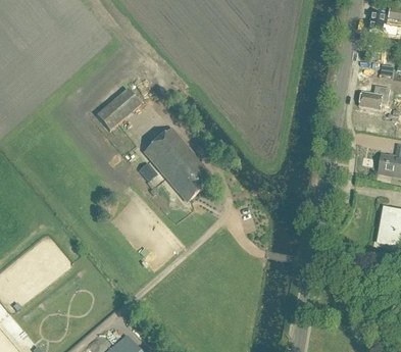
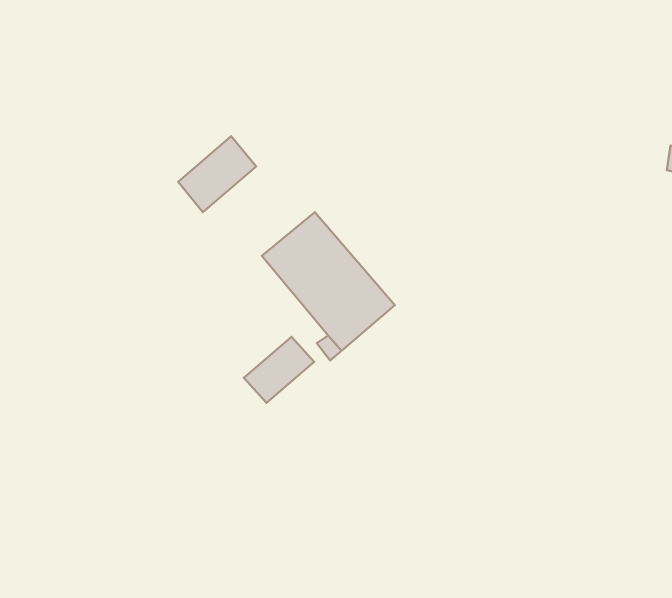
building: none -> [244,337,314,403]

